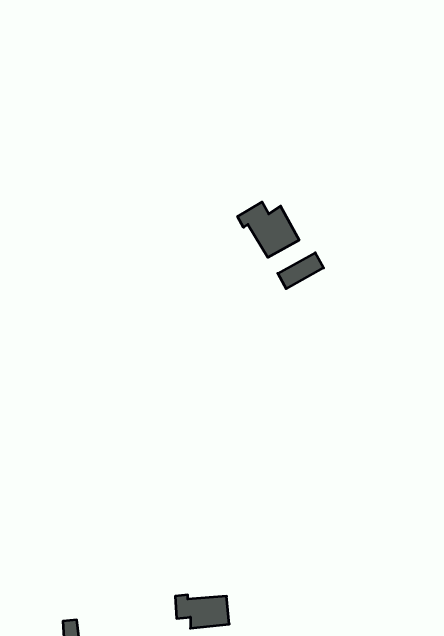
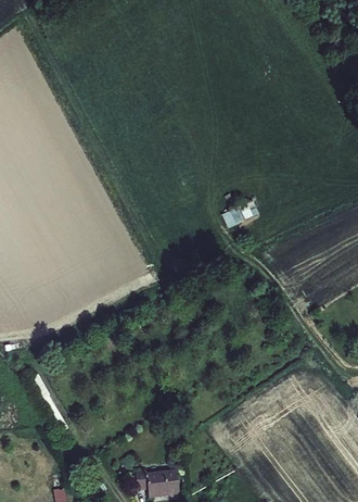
building: [238,202,299,257] -> none

